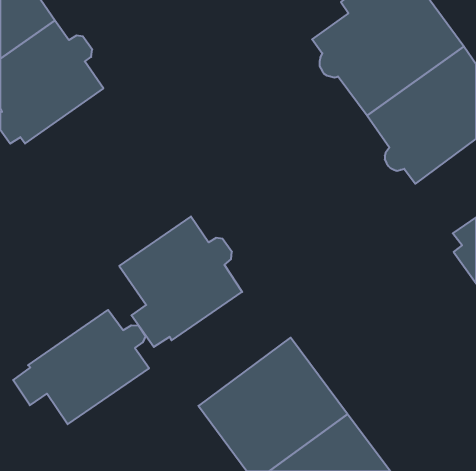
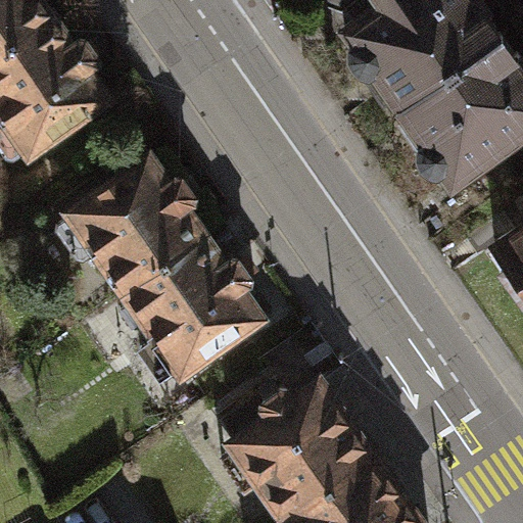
building: none -> [55,148,209,291]
building: [13,310,149,424] -> none

